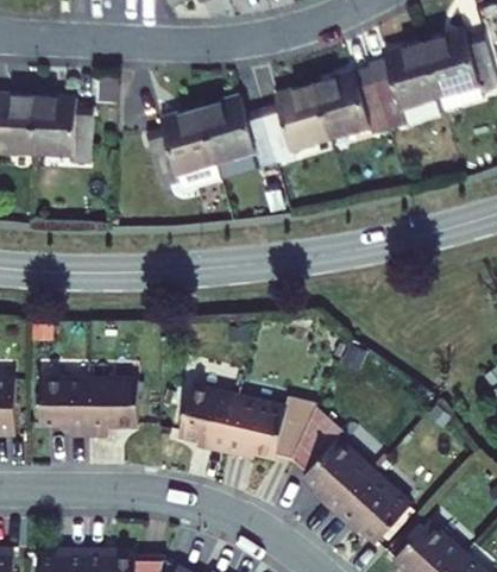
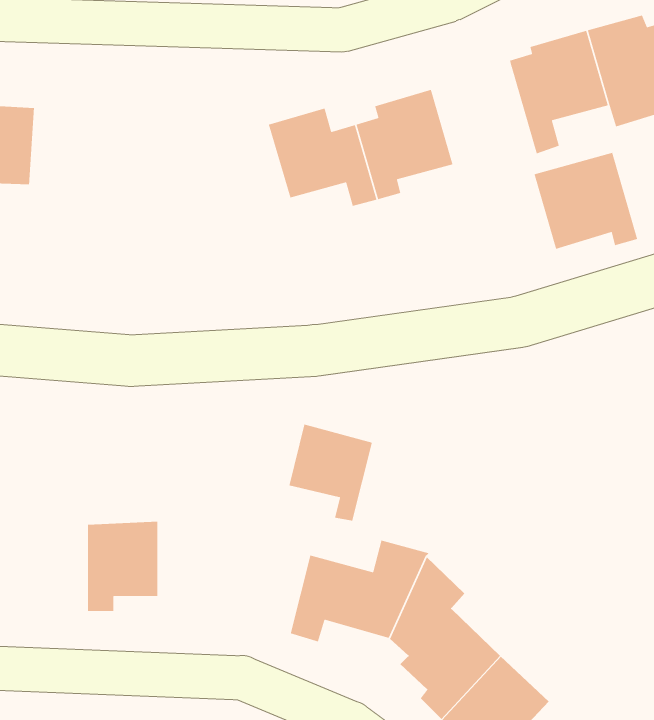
building: [326,63,400,132] -> [534,152,638,250]
building: [43,92,105,158] -> none
building: [157,103,232,186] -> none
building: [36,385,83,447] -> none
building: [181,394,240,463] -> [289,424,373,521]

